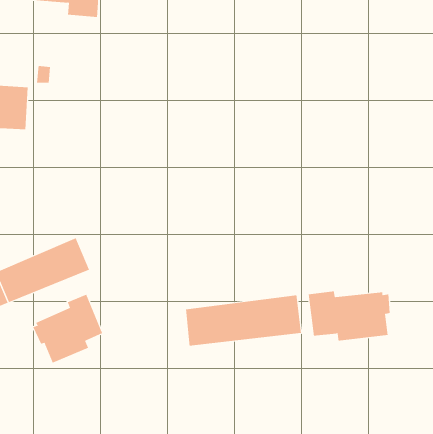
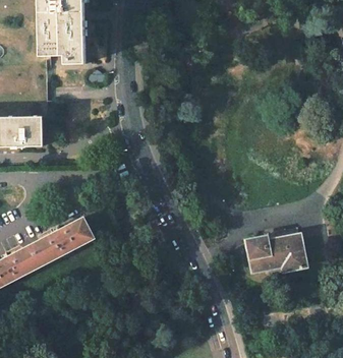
building: [32,294,103,363] -> none
building: [185,295,301,347] -> none

